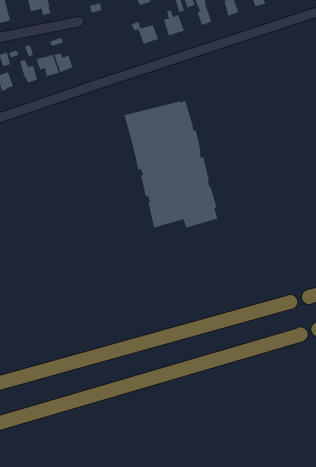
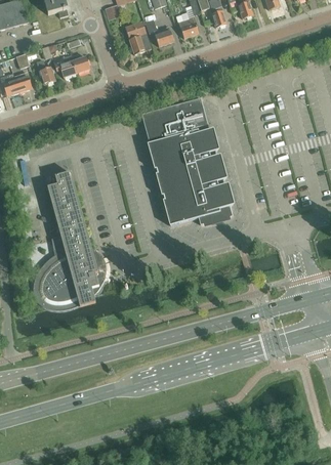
building: none -> [125,20,152,54]
building: none -> [33,172,107,307]

